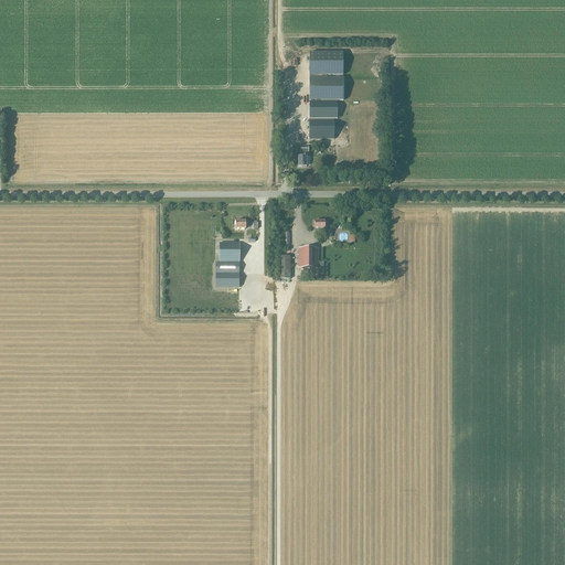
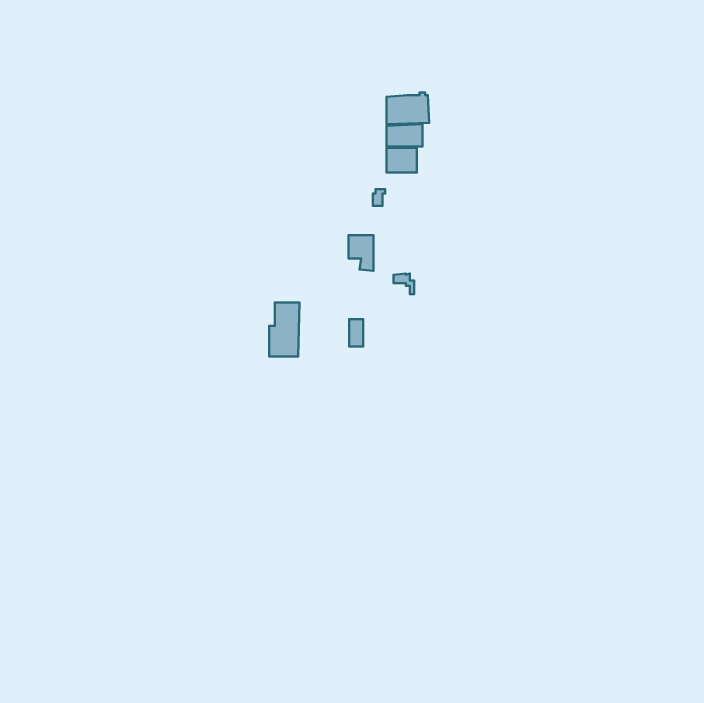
building: [310,51,343,77] -> none
building: [299,247,319,276] -> [349,235,373,271]

